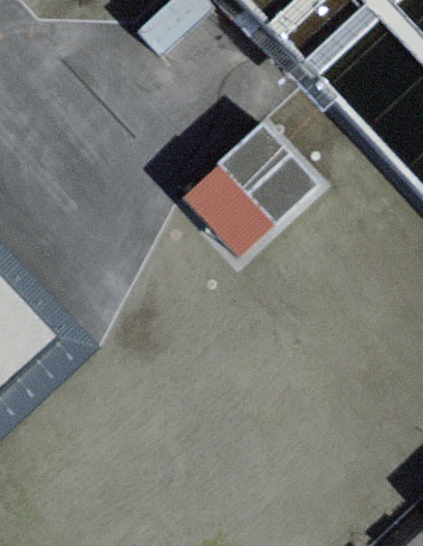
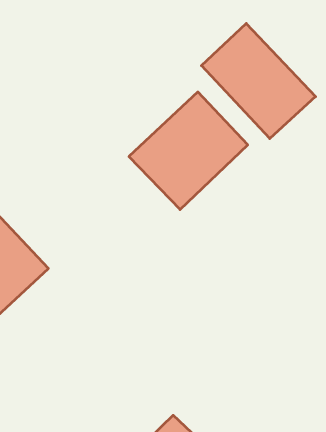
building: none -> [201,23,316,139]

